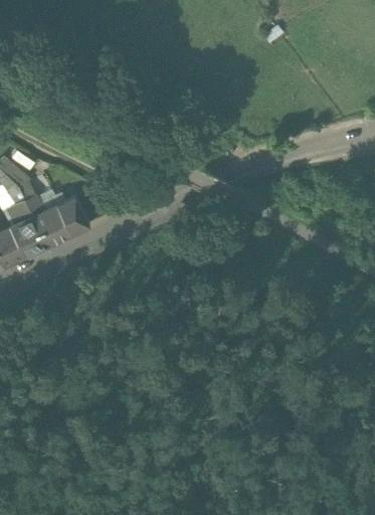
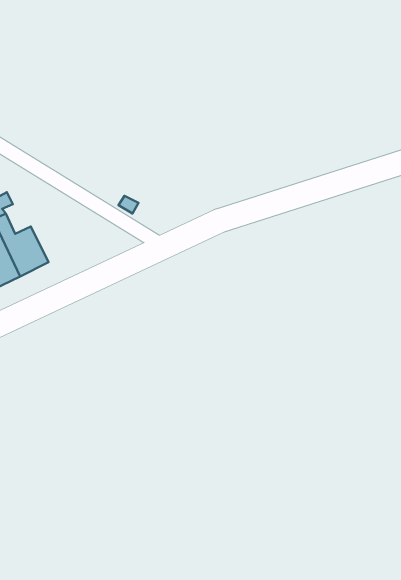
building: [55,196,87,235] -> none

